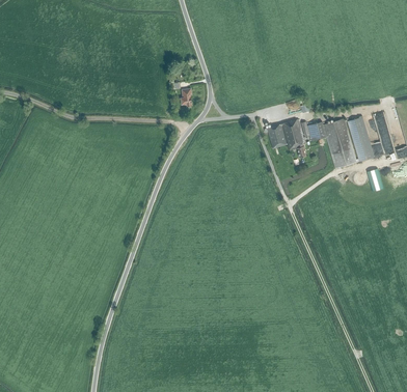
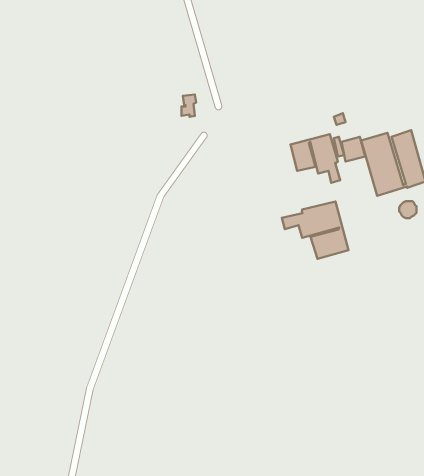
building: none -> [282,201,348,259]

